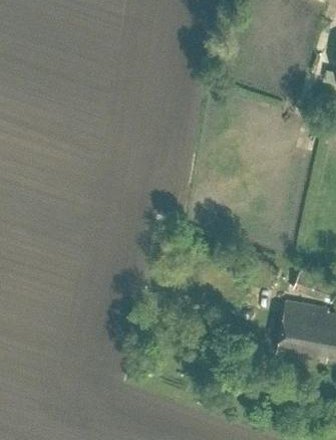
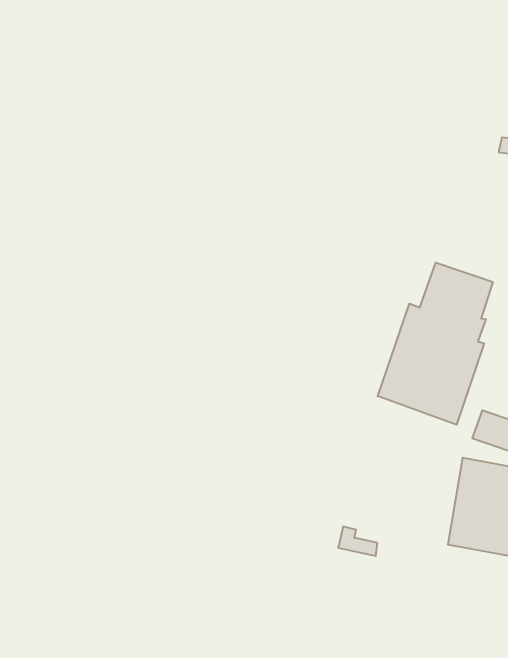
building: none -> [378,263,493,425]

